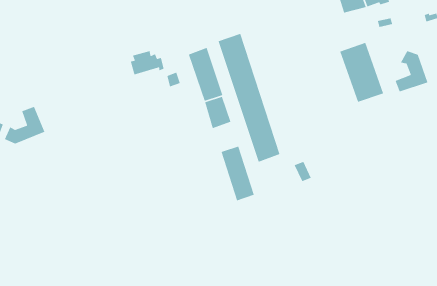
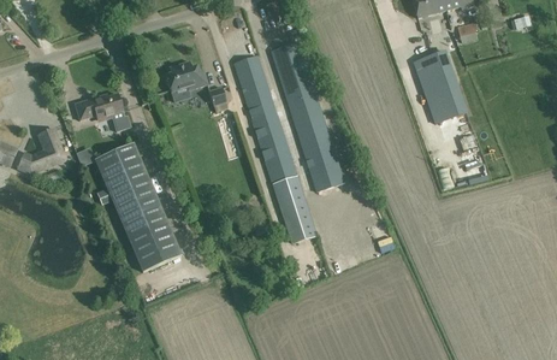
building: [395,50,429,93] -> none
building: none -> [75,94,131,131]
building: none -> [94,141,183,271]
building: none -> [263,147,295,182]

